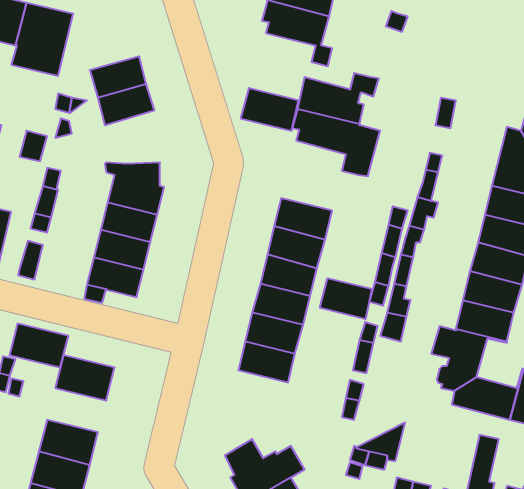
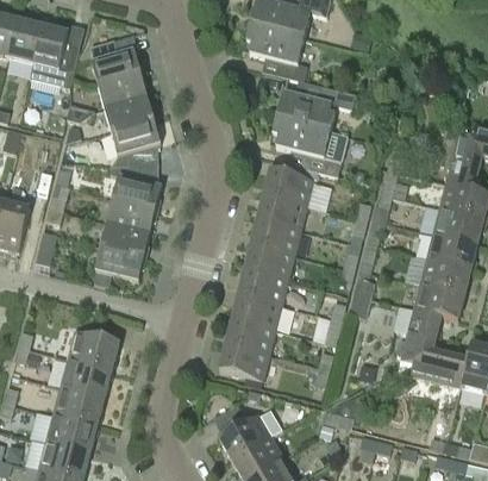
building: none -> [89,40,139,85]
building: [241,88,298,131] -> [262,169,312,206]
building: none -> [110,119,159,164]
building: [320,278,372,319] -> none
building: [9,324,69,368] -> [60,360,111,398]
building: none -> [218,344,268,381]

